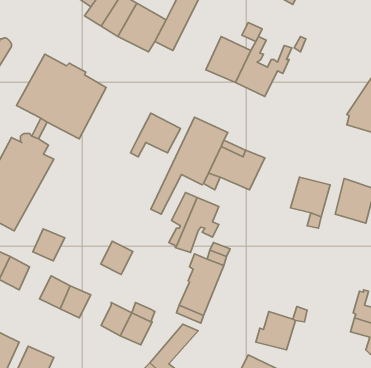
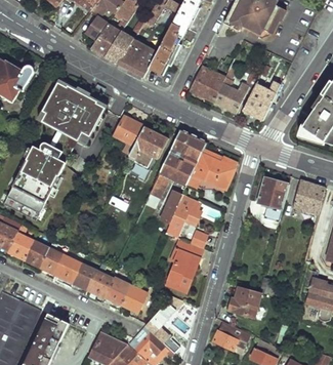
building: none -> [242,73,285,121]
building: none -> [114,116,144,146]
building: [33,229,65,261] -> [39,249,65,275]
building: [101,241,133,274] -> [87,272,113,298]

